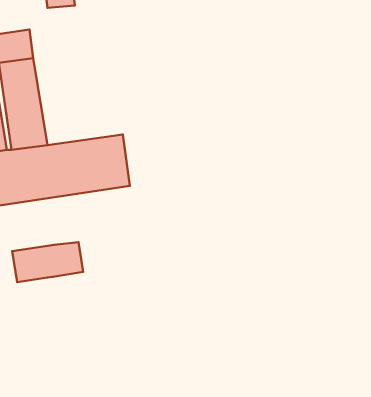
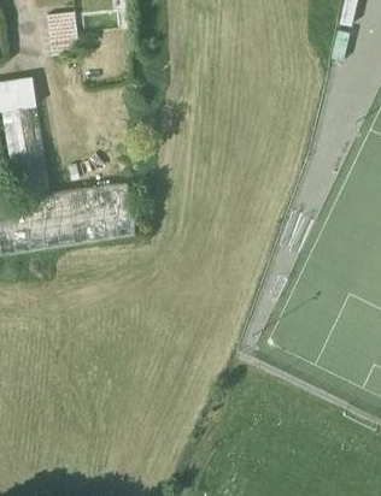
building: [12,242,83,282] -> none

